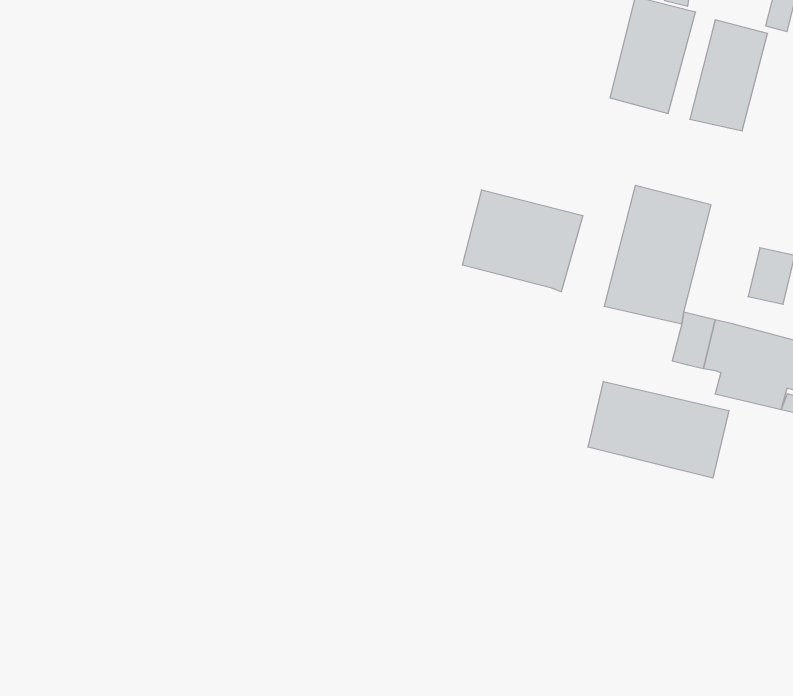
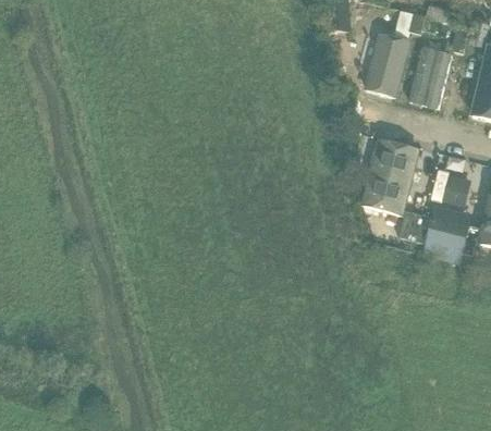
building: [462,190,583,292] -> none
building: [588,381,729,478] -> none

